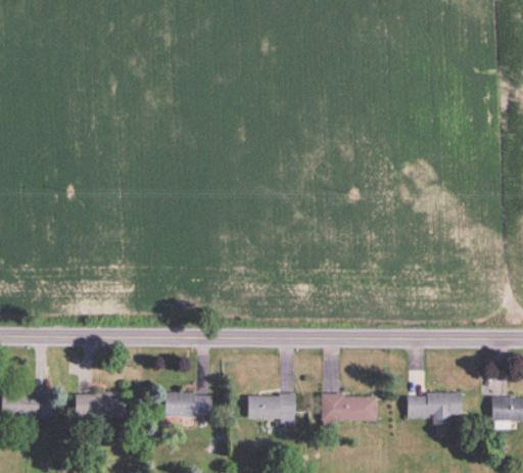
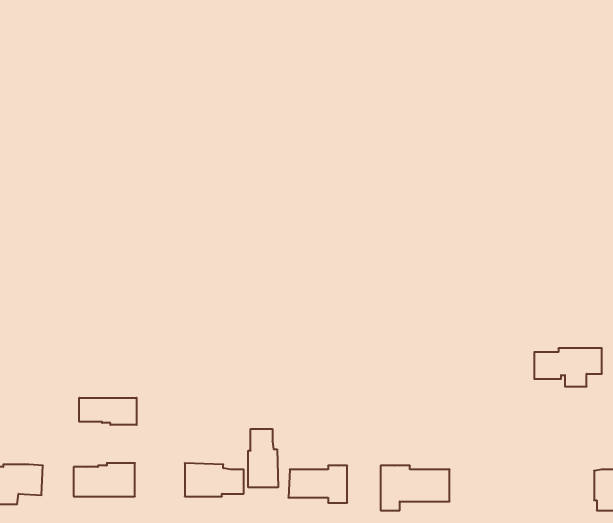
building: none -> [79,398,137,425]
building: none -> [248,429,278,487]
building: [408,393,462,424] -> [534,348,602,387]

